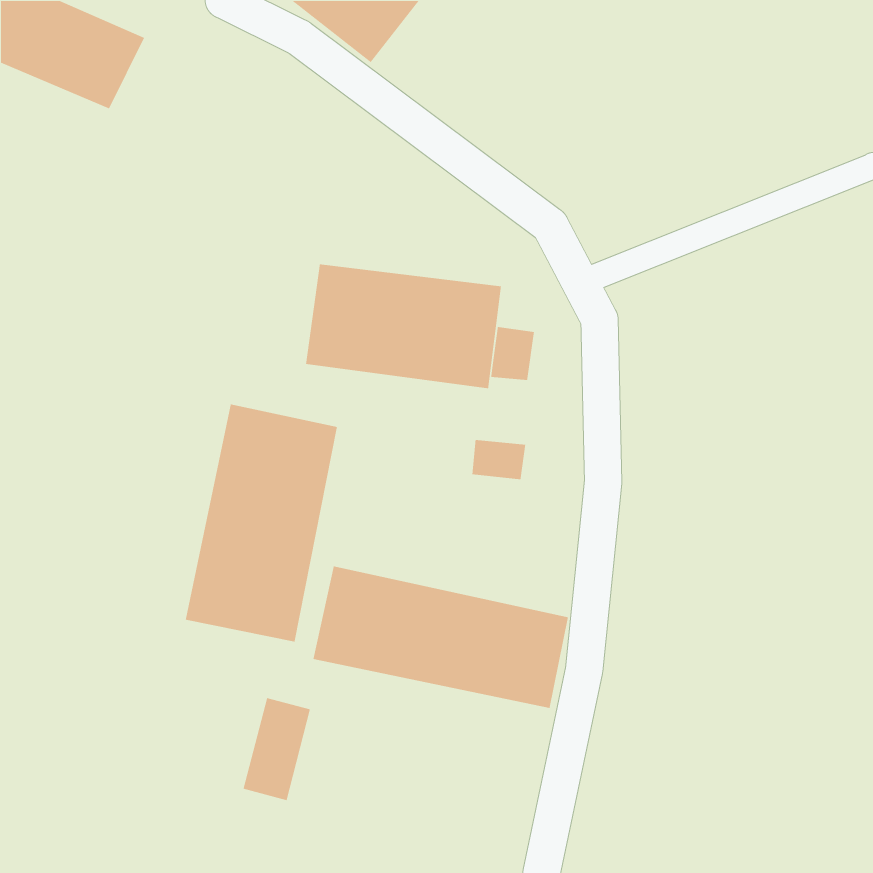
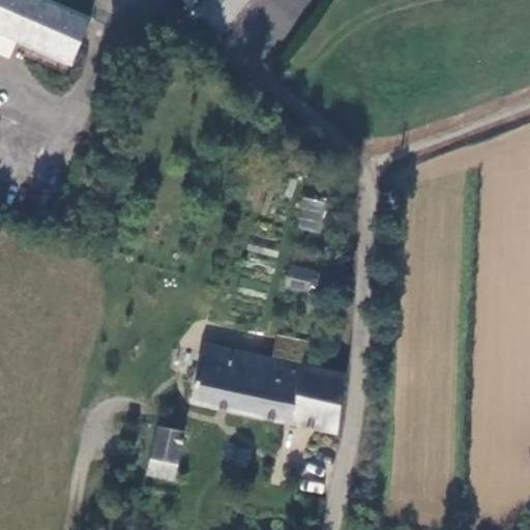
building: [305,264,502,389] -> none
building: [185,404,338,643] -> none

